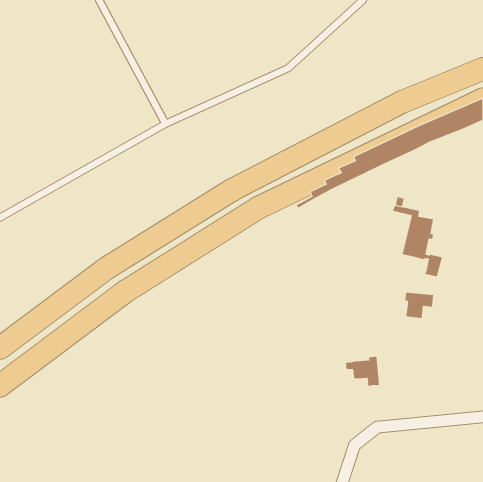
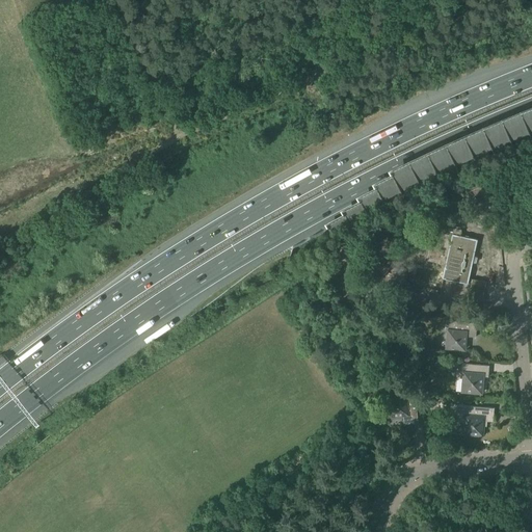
building: none -> [461,365,489,395]
building: none -> [456,406,495,437]

